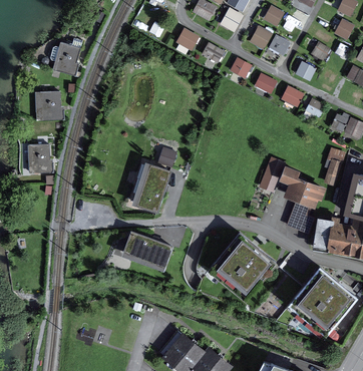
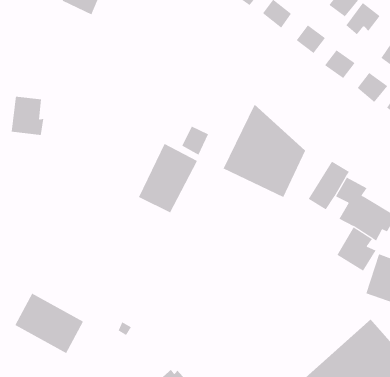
building: [35,91,63,120] -> none
building: none -> [223,104,306,198]
building: [206,227,278,299] -> none
building: [121,231,172,272] -> [15,293,84,354]

